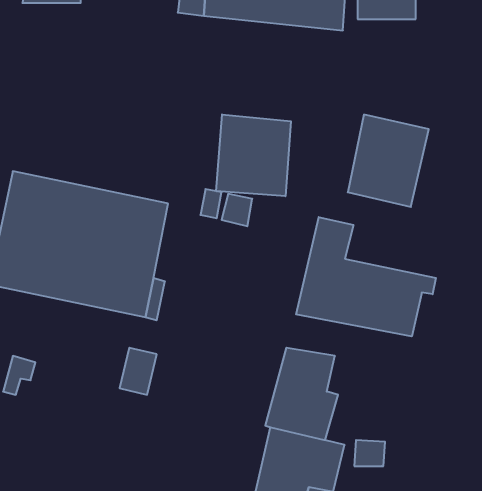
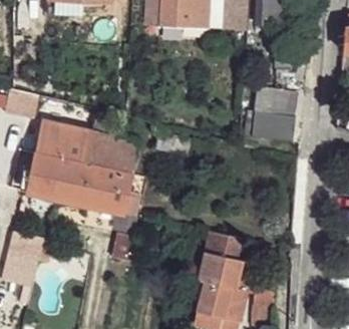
building: [216,114,291,196] -> none
building: [296,217,436,336] -> none

